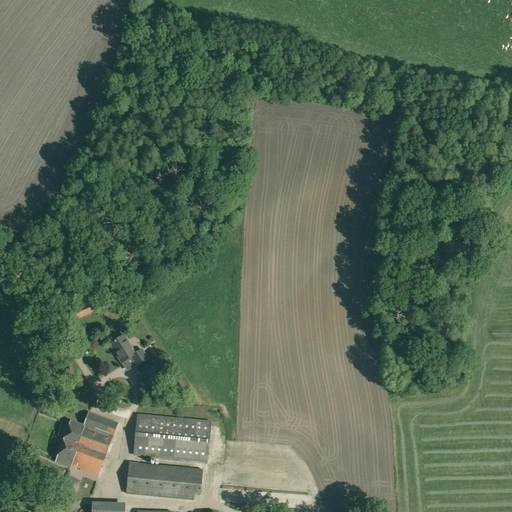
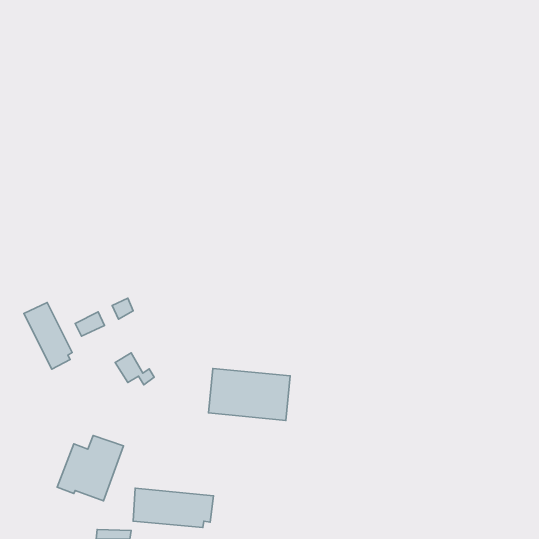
building: none -> [24,303,72,369]
building: [133,413,210,462] -> [209,369,290,420]

